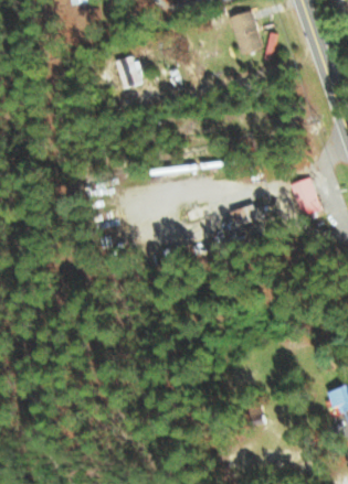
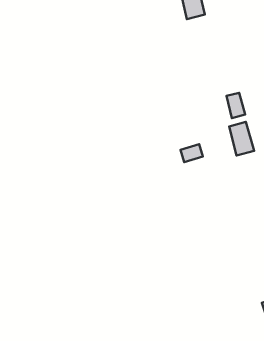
building: [117,55,141,88] -> none
building: none -> [227,93,245,118]

